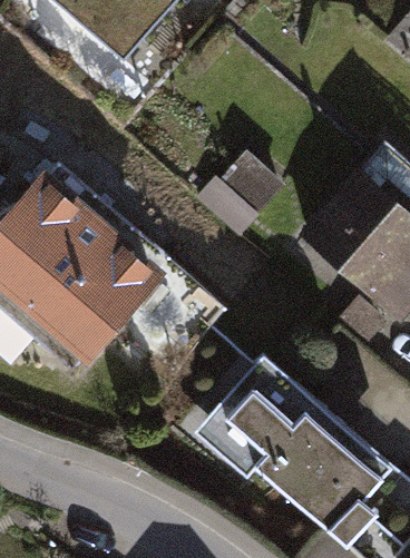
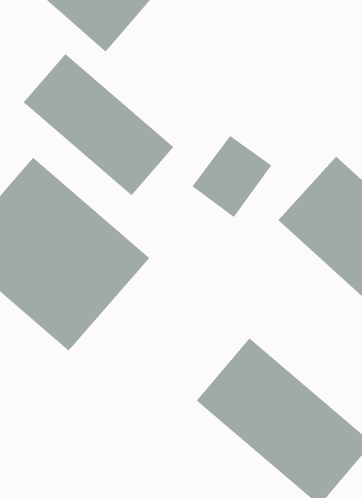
building: none -> [23,53,174,196]

